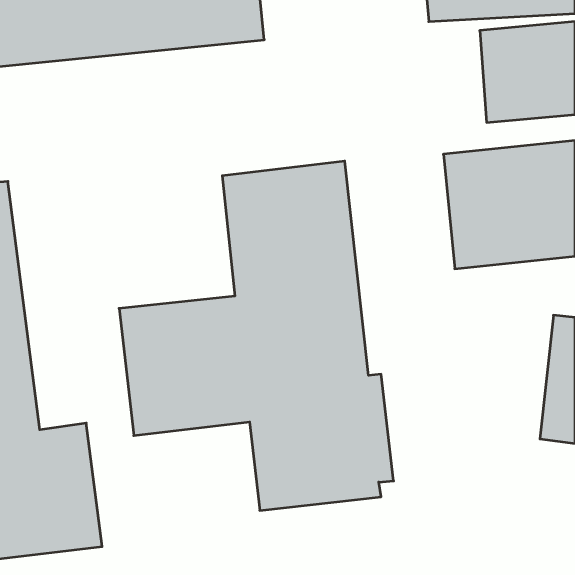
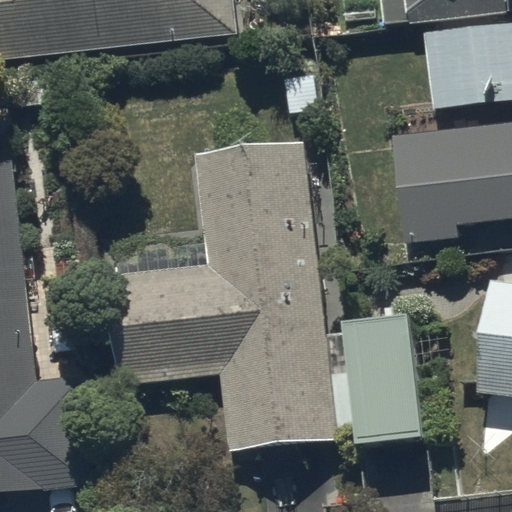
building: none -> [342,312,424,442]

